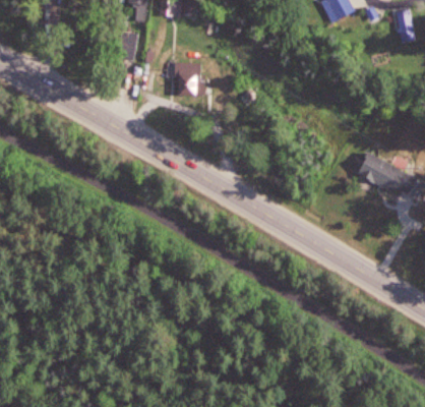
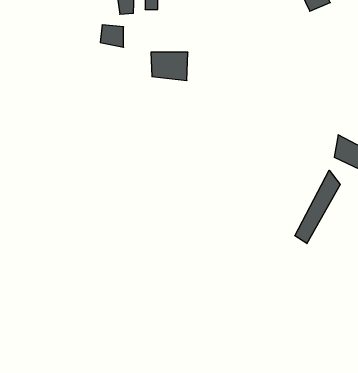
building: none -> [295,170,340,244]

